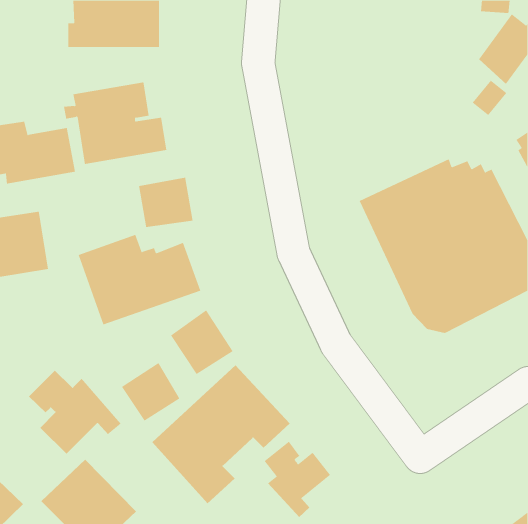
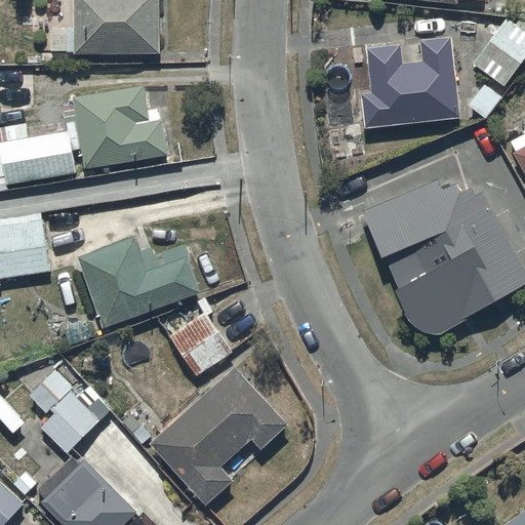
building: none -> [361,35,461,128]
building: [139,177,193,228] -> none
building: [121,362,180,422] -> none
building: [264,441,331,518] -> none

